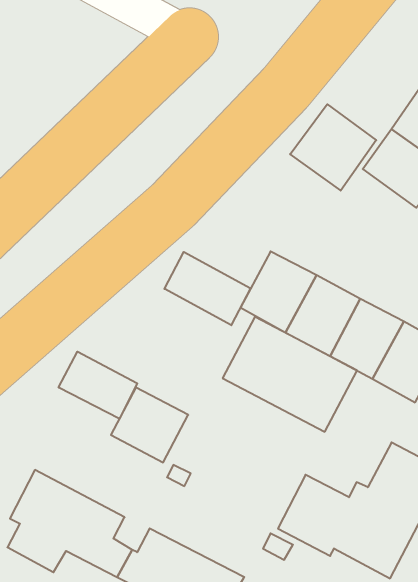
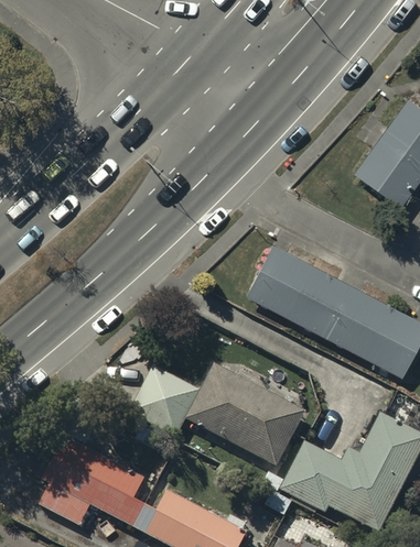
building: [290,104,376,191] -> none
building: [164,252,251,325] -> none
building: [223,317,357,432] -> [186,367,305,468]
building: [59,352,137,419] -> none

